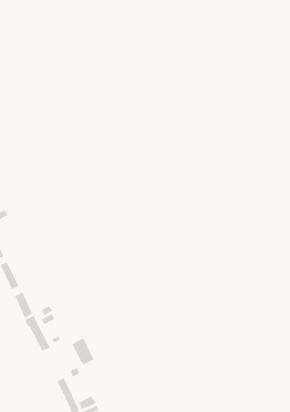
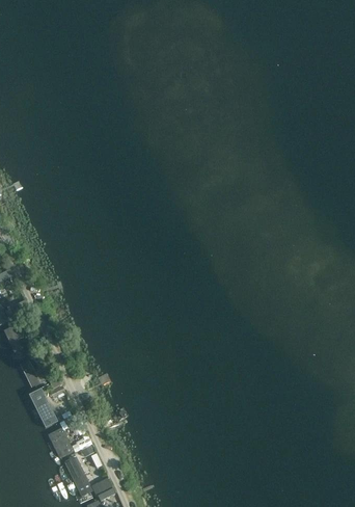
building: [71,338,94,365] -> [48,428,74,459]

